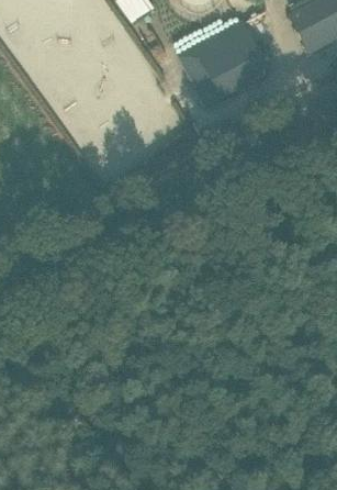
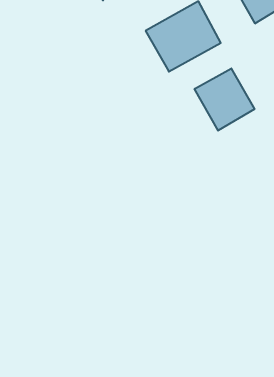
building: none -> [195,68,254,131]

